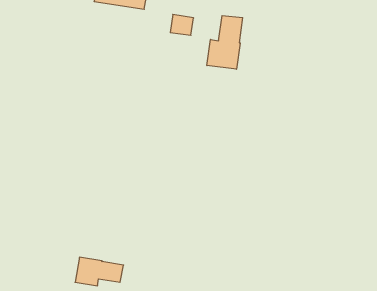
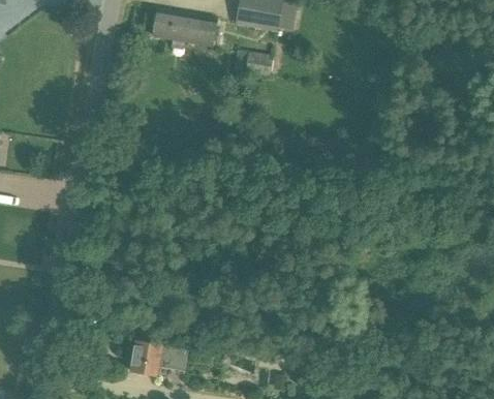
building: [207,16,243,69] -> none

